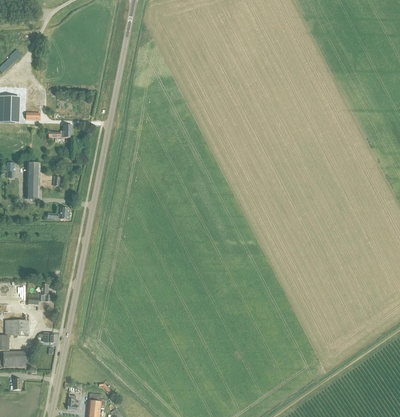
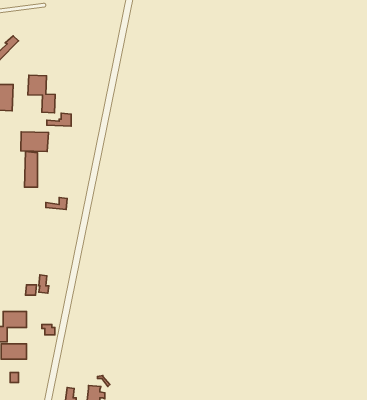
building: none -> [28,75,55,113]
building: none -> [21,132,49,151]

